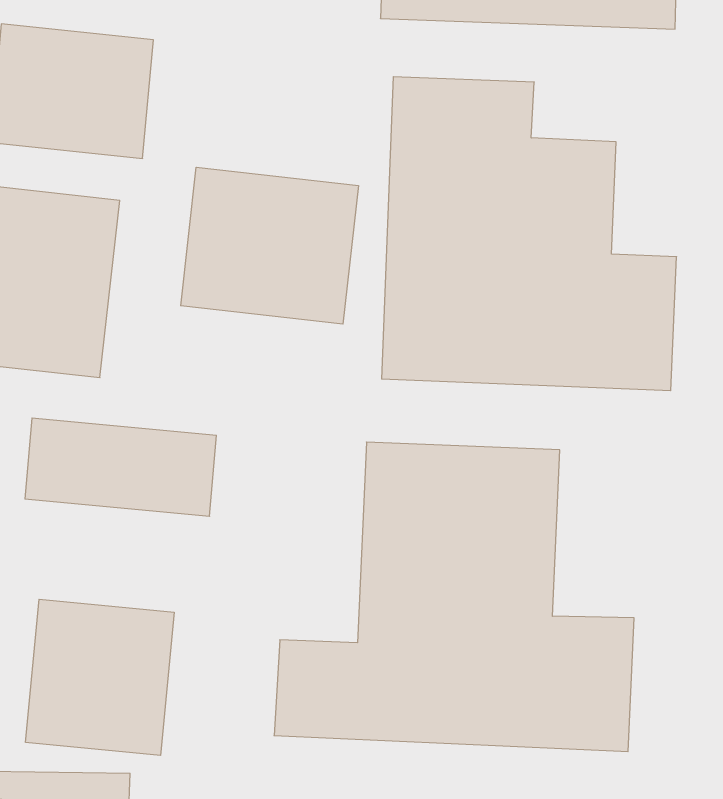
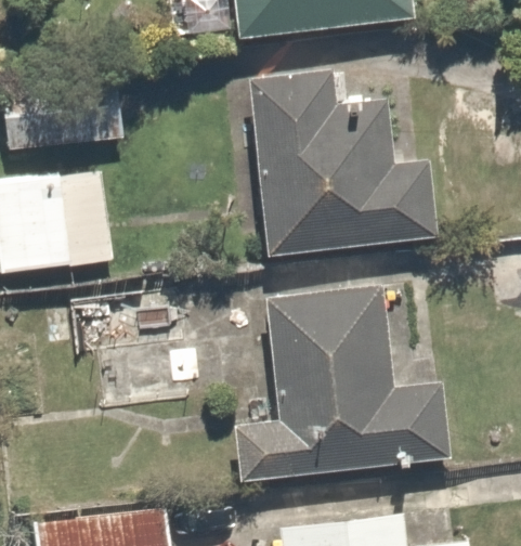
building: [181,167,358,324] -> none
building: [26,599,174,755] -> none

